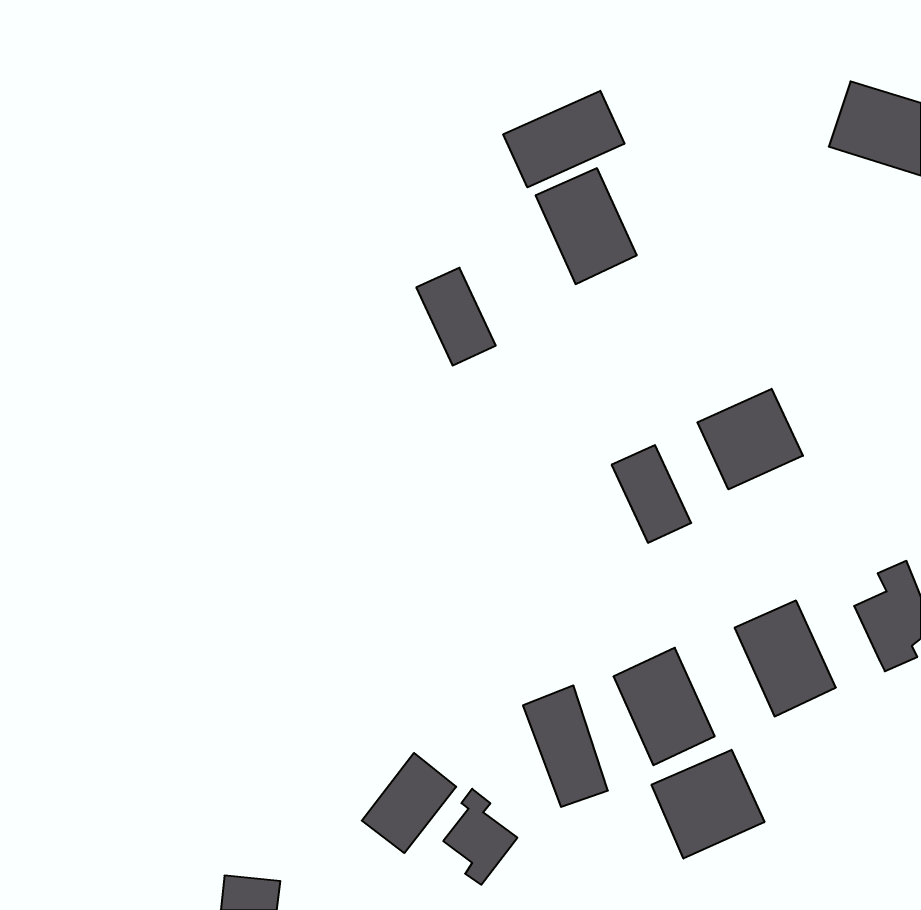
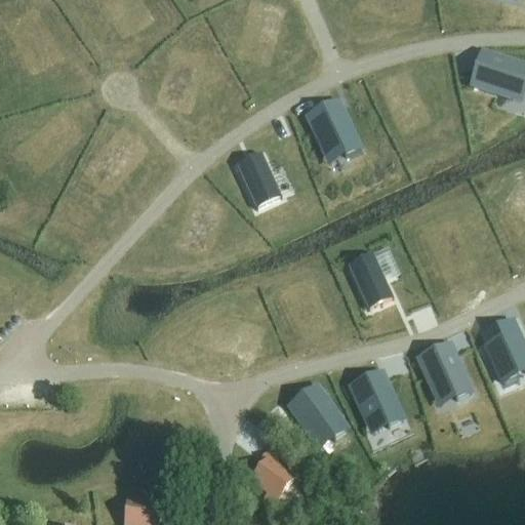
building: [503,91,624,187] -> none
building: [697,389,803,489] -> none
building: [652,750,764,859] -> none
building: [362,753,456,853] -> none

